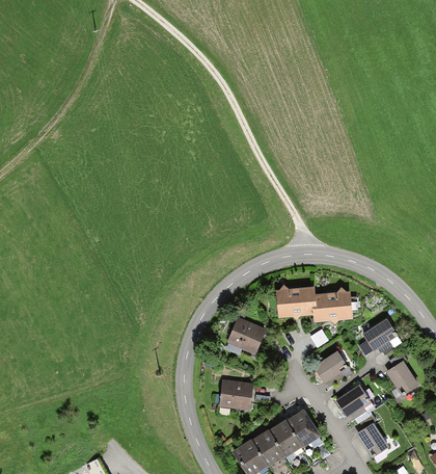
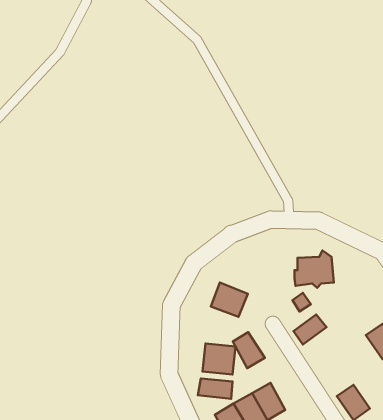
building: [276,284,316,319] -> none
building: [361,317,396,348] -> none
building: [333,384,366,416] -> none
building: [289,410,321,446] -> [233,332,265,368]
building: none -> [198,378,232,399]

